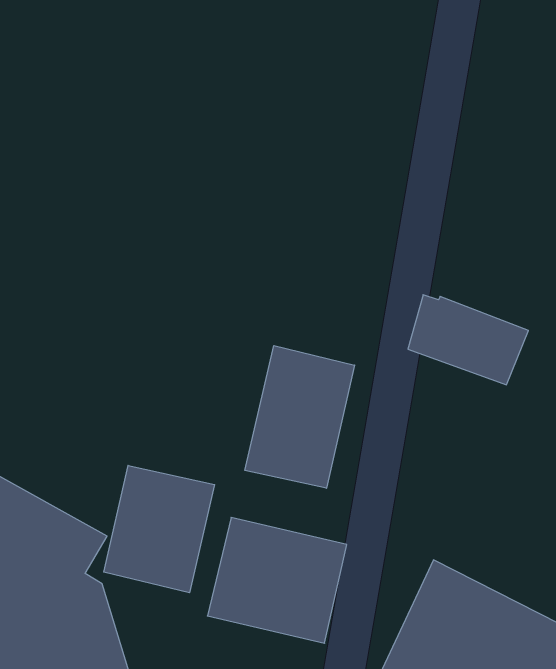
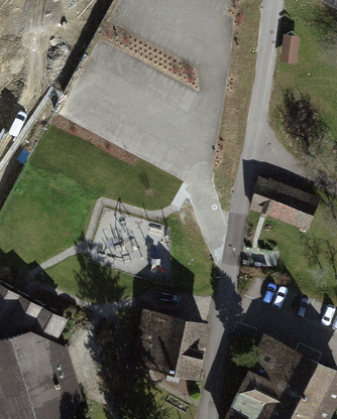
building: [245,346,355,488] -> none
building: [104,465,215,593] -> none

